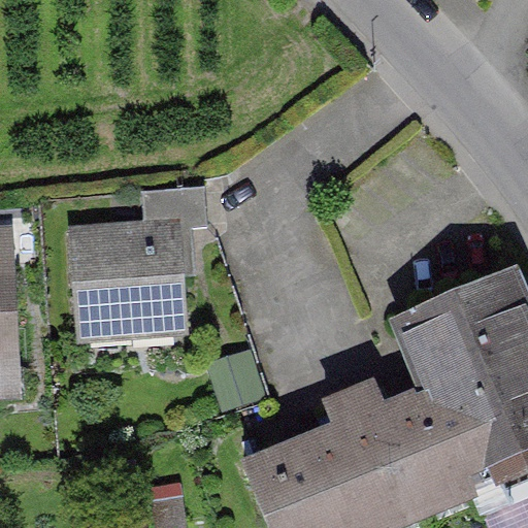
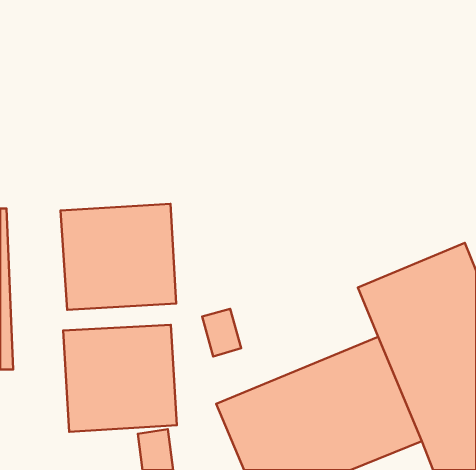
building: none -> [63,325,177,432]

